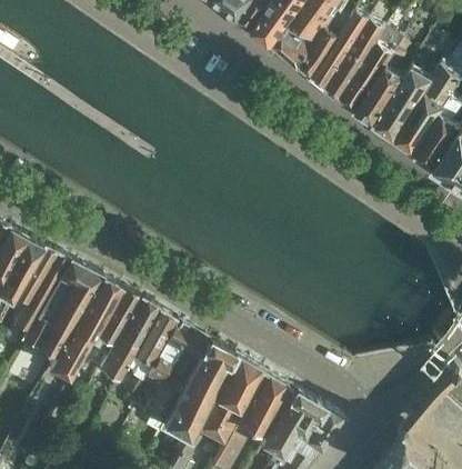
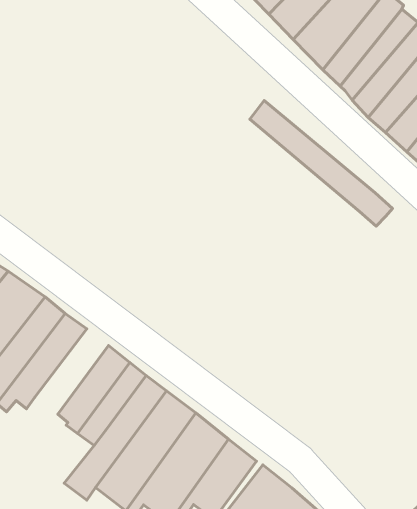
building: none -> [250,101,392,226]
building: [98,299,157,381] -> none

